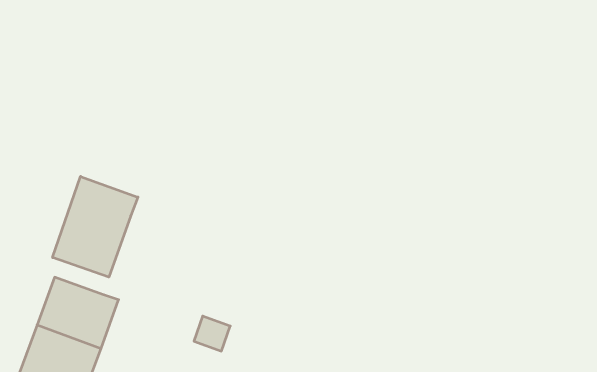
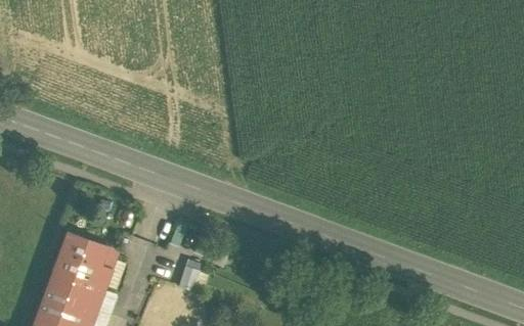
building: [53,176,138,277] -> none

